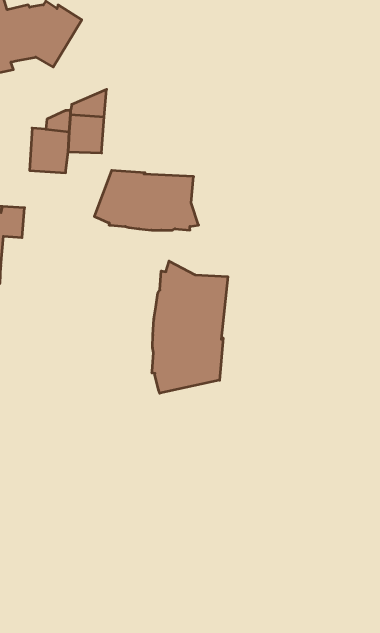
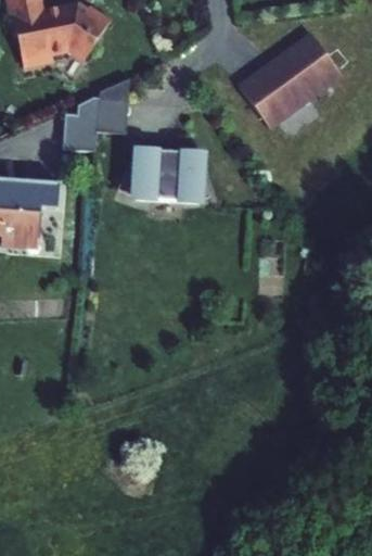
building: none -> [240,33,343,128]
building: [152,261,228,393] -> none

